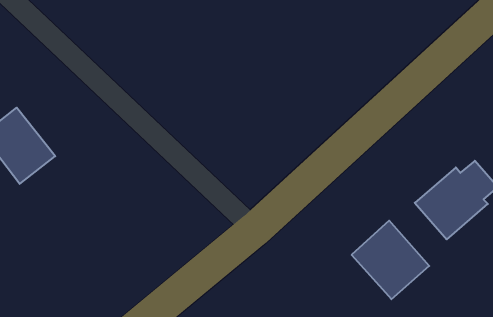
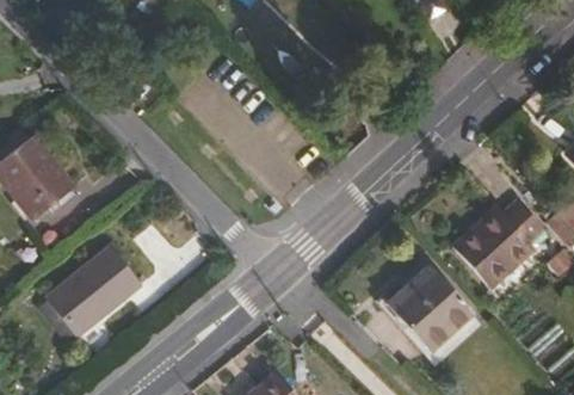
building: none -> [44,248,138,339]

